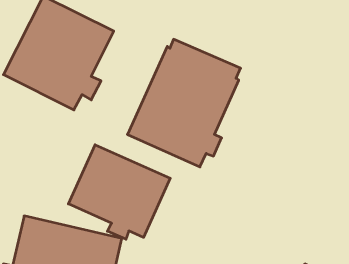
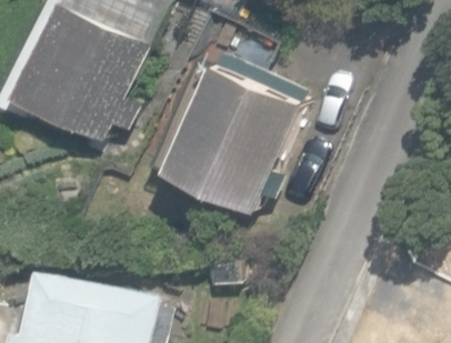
building: [68,145,170,239] -> none

